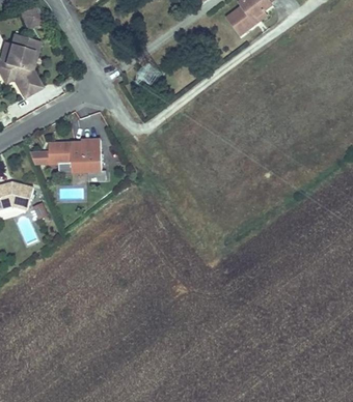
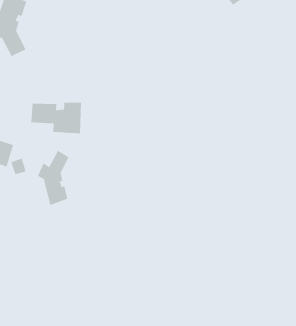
building: none -> [37,150,69,206]

